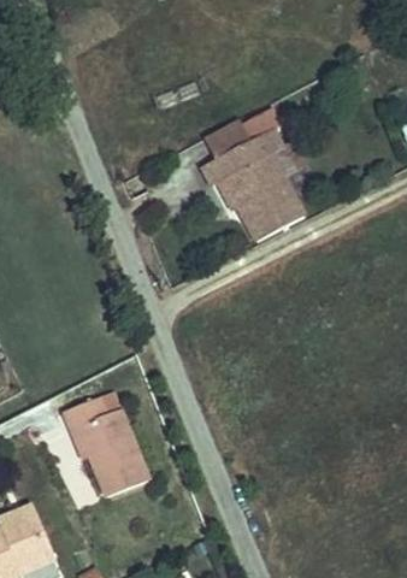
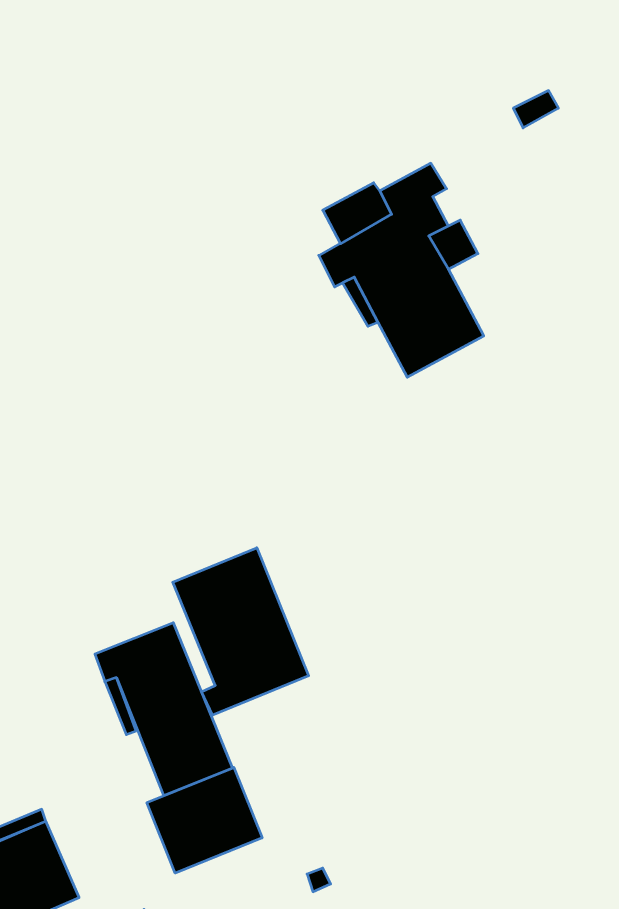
building: none -> [173,548,309,715]
building: none -> [147,767,262,873]

